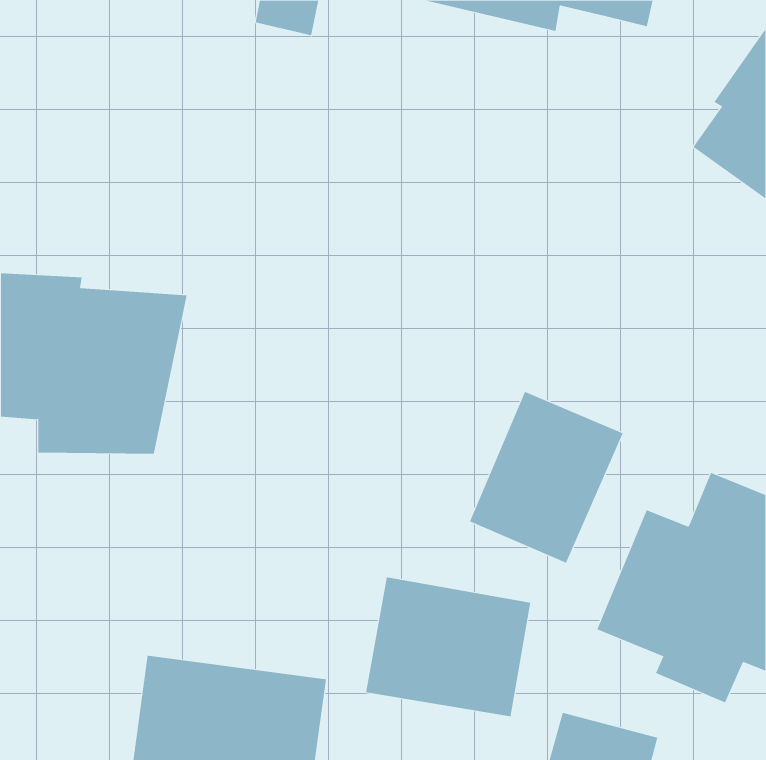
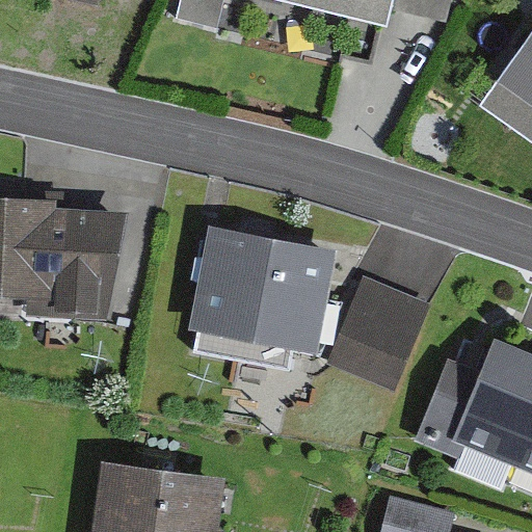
building: none -> [189,222,338,371]
building: [366,576,531,717] -> none

